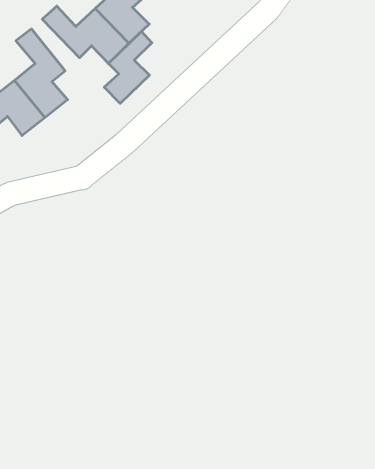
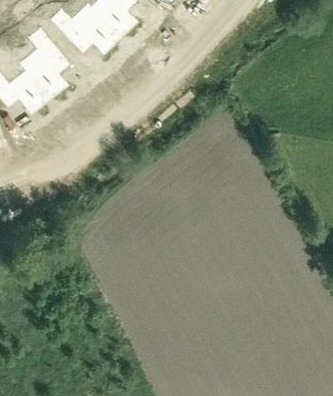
building: [104,32,152,103] -> none

